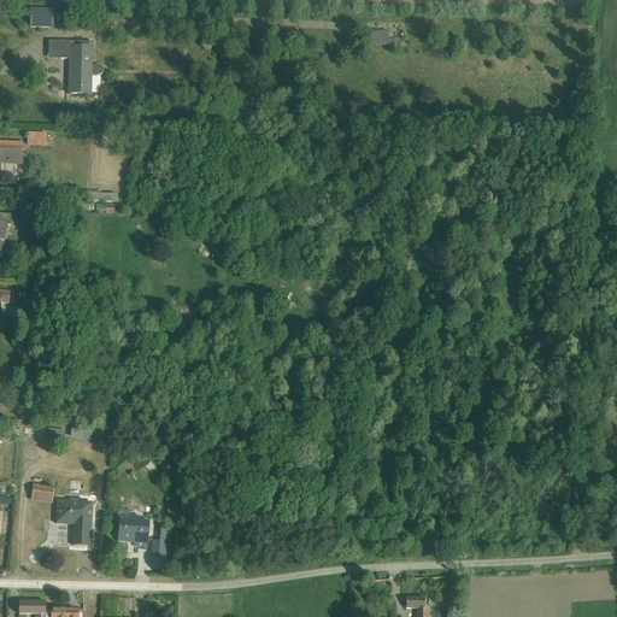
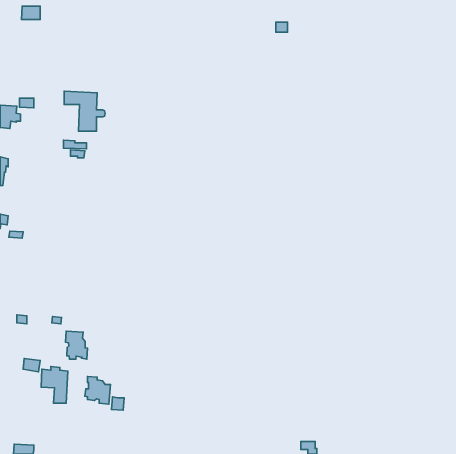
building: [48,40,104,94] -> [64,91,105,131]
building: none -> [66,331,88,359]

